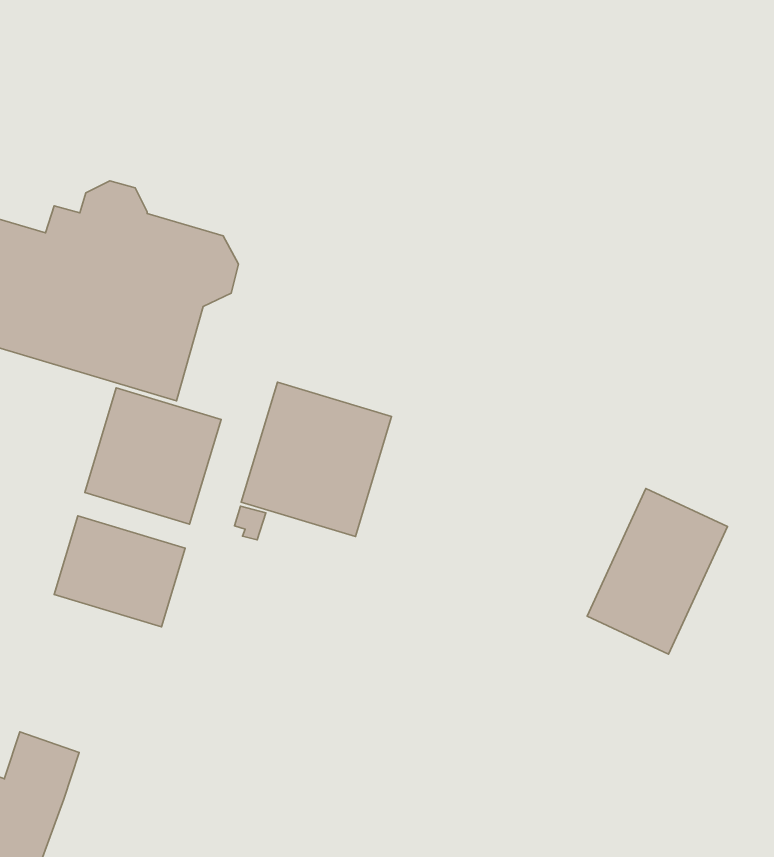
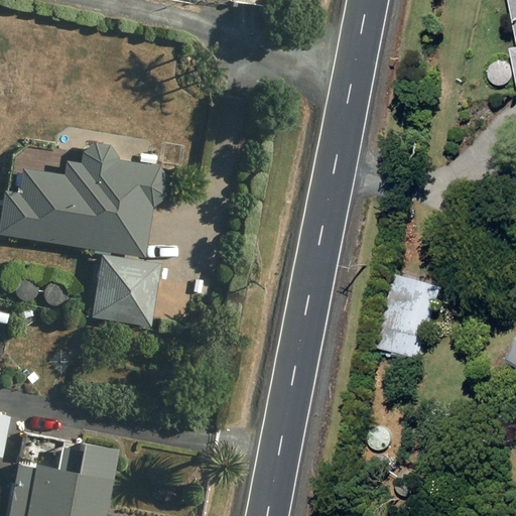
building: [241,382,392,537] -> none
building: [54,516,185,627] -> none

